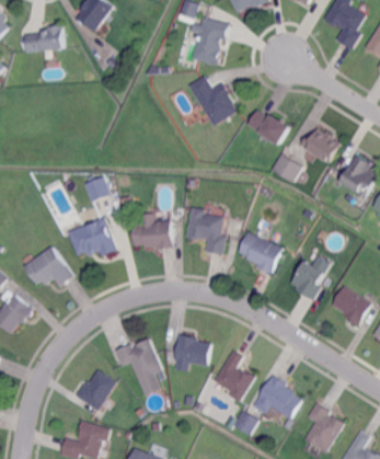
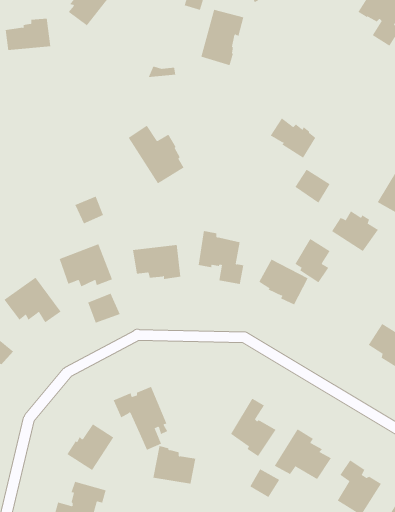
building: [187,76,235,126] -> [128,125,184,184]
building: [299,128,339,163] -> [331,211,379,252]
building: none -> [87,293,120,324]
building: [292,260,323,298] -> [294,238,330,283]
building: [173,333,210,366] -> [153,446,196,484]

